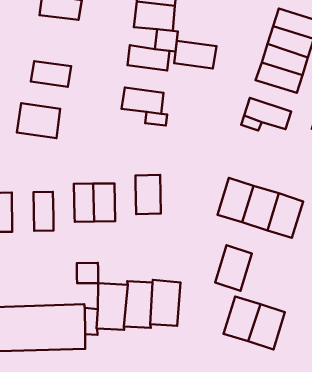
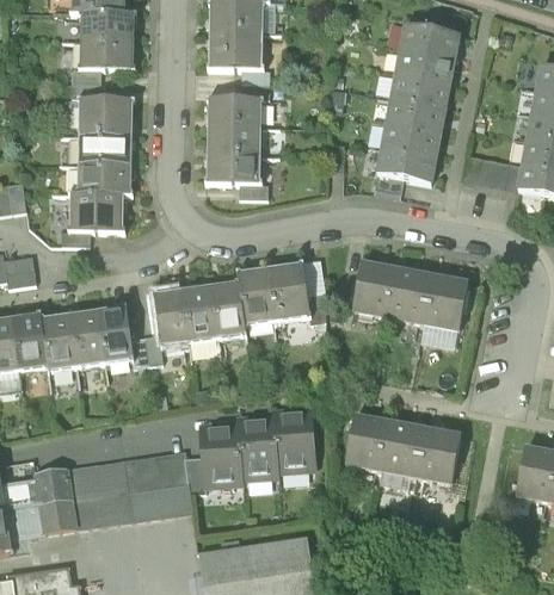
building: none -> [78,95,130,132]
building: [174,41,216,69] -> [205,122,260,154]
building: none -> [377,122,441,159]
building: none -> [76,160,128,192]
building: none -> [267,261,308,318]
building: none -> [207,281,242,336]
building: none -> [68,310,105,367]
building: [215,245,252,291] -> [344,413,389,472]
building: [77,263,98,283] -> [129,336,161,367]

